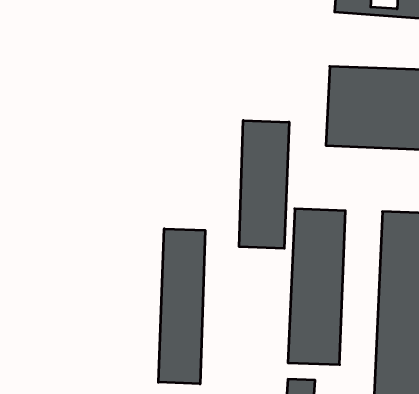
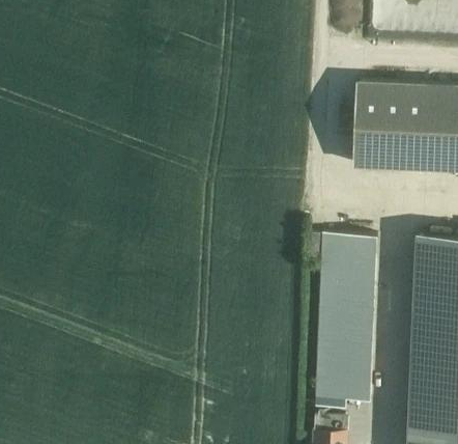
building: [239,120,289,248] -> none
building: [158,229,205,384] -> none

